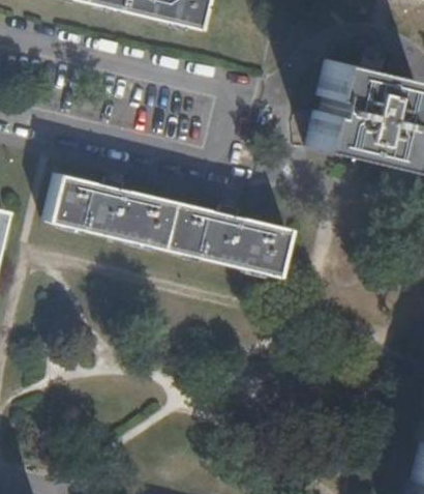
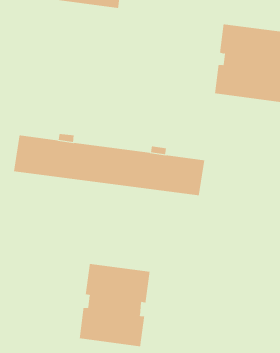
building: none -> [79,263,150,347]

